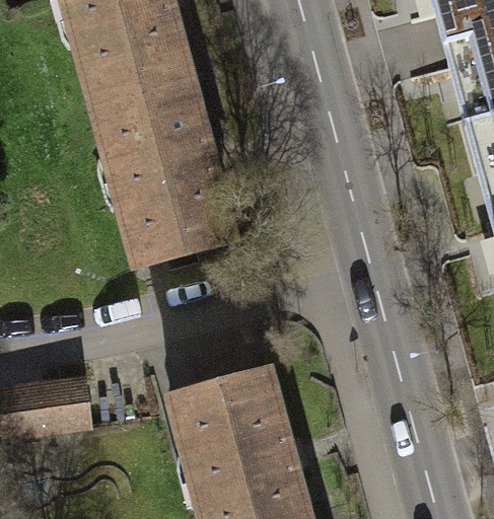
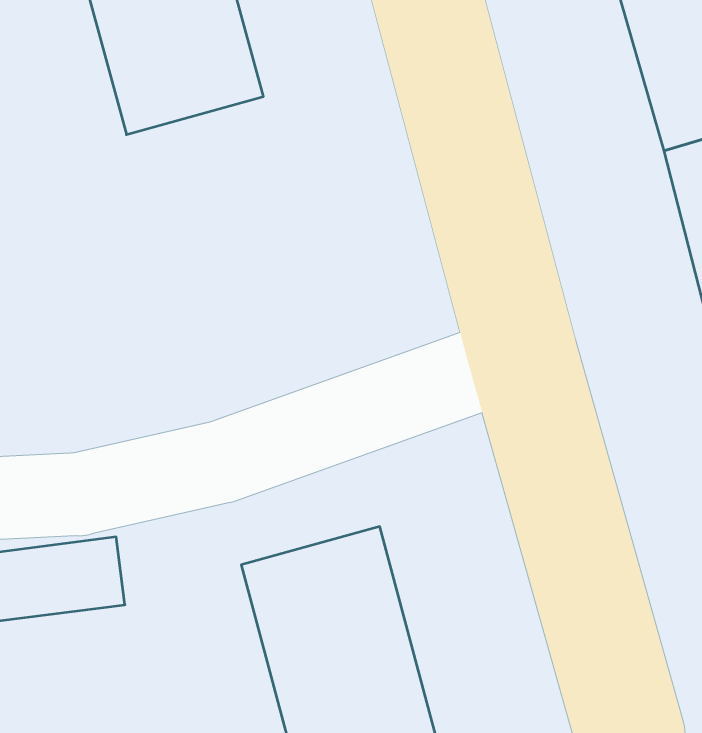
building: [93,76,233,267] -> none

